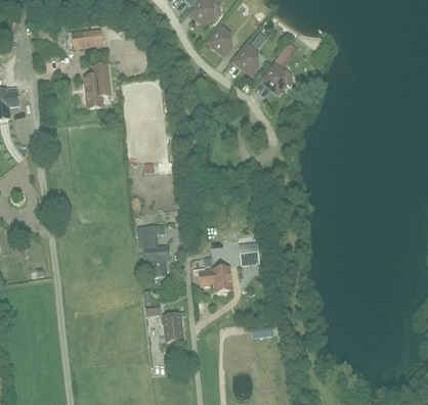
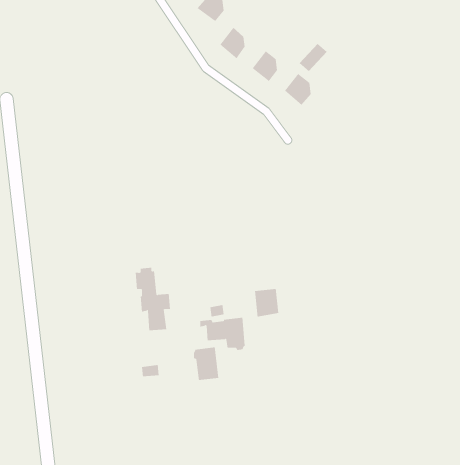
building: [72,28,102,47] -> none
building: [84,62,112,106] -> none
building: [162,313,183,341] -> [193,347,219,381]

